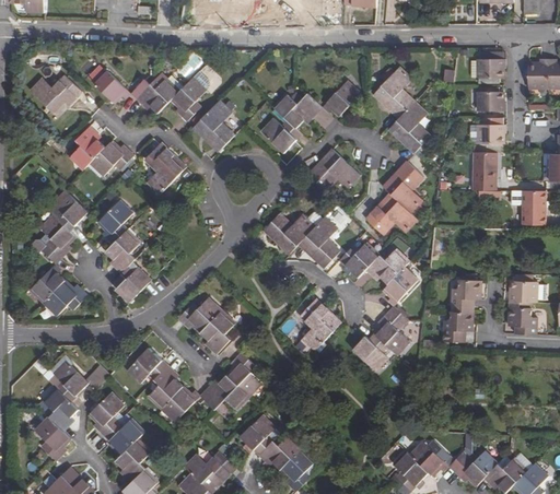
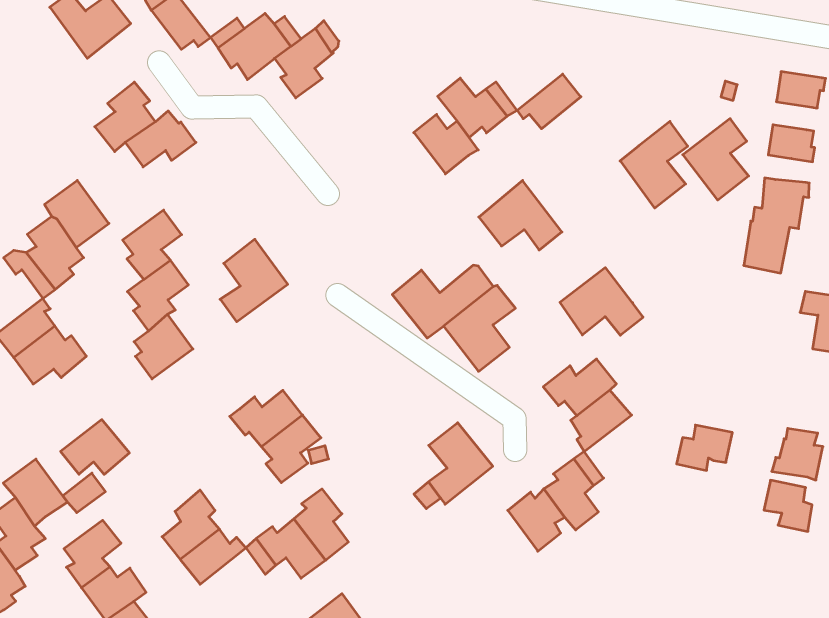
building: [373,67,415,117] -> [683,119,749,200]
building: [192,98,234,150] -> none
building: [144,142,185,193] -> [220,239,288,322]
building: [382,162,423,212] -> none
building: [337,244,377,279] -> none
building: [442,311,472,341] -> none
building: [125,348,166,383] -> [61,420,129,474]

